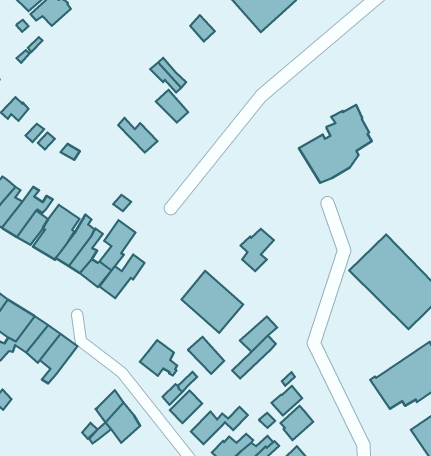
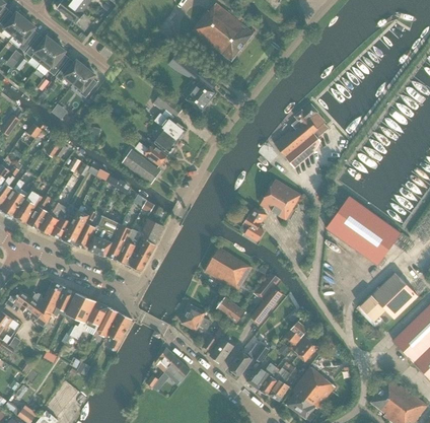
building: none -> [74,67,99,98]
building: none -> [187,71,217,111]
building: none -> [154,126,180,154]
building: none -> [122,150,160,184]
building: none -> [261,180,301,221]
building: [99,255,145,298] -> none

